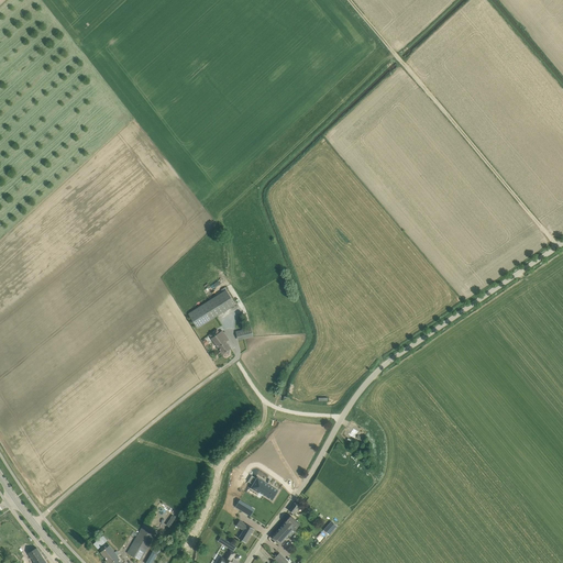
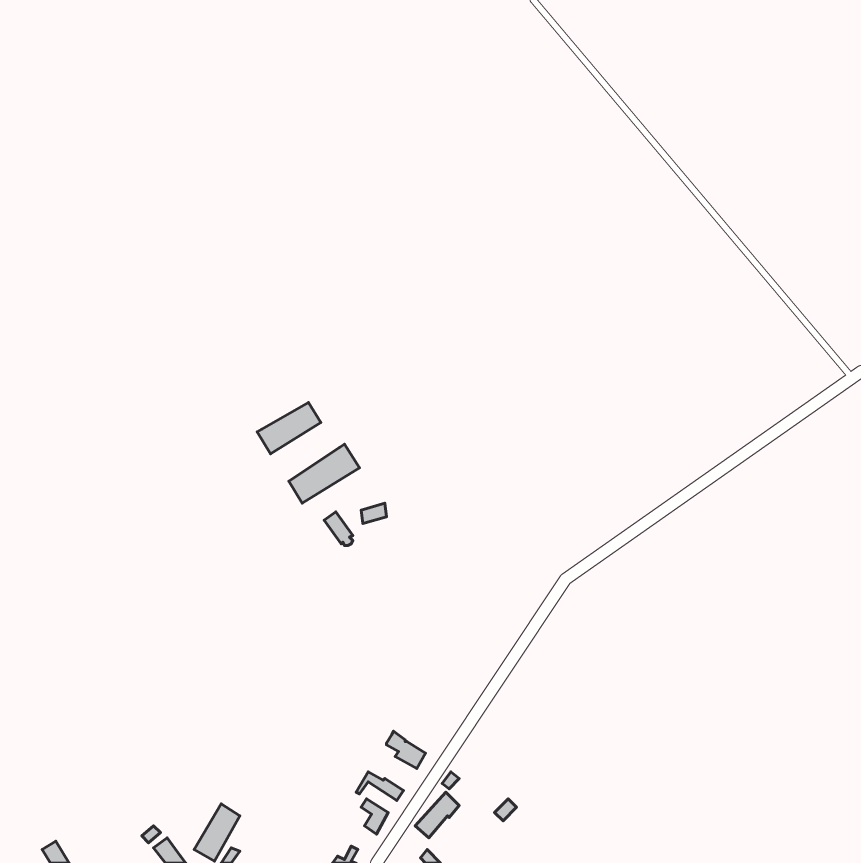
building: none -> [257,403,321,454]

